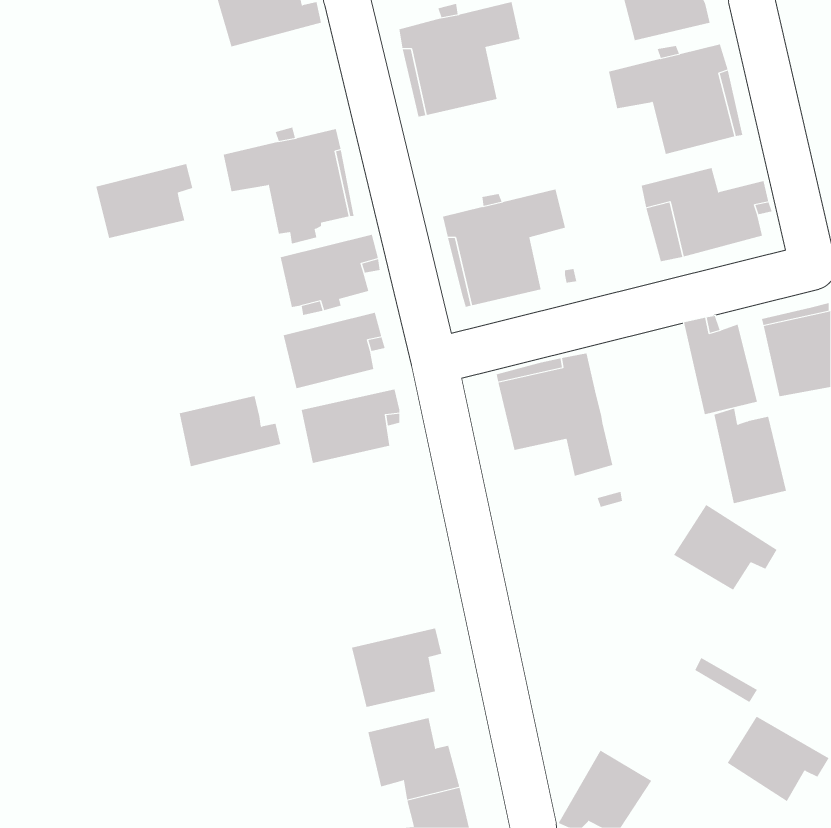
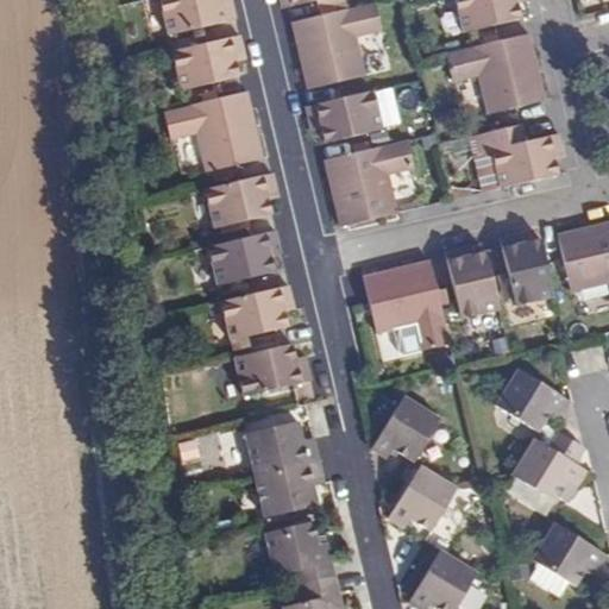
building: none -> [306,89,381,142]
building: [96,164,193,238] -> [172,33,244,88]
building: [179,395,281,467] -> [233,344,308,396]
building: [714,408,787,504] -> [445,245,498,315]
building: none -> [372,394,440,460]
building: none -> [247,422,319,473]
building: none -> [511,437,586,501]
building: none -> [390,464,457,530]

